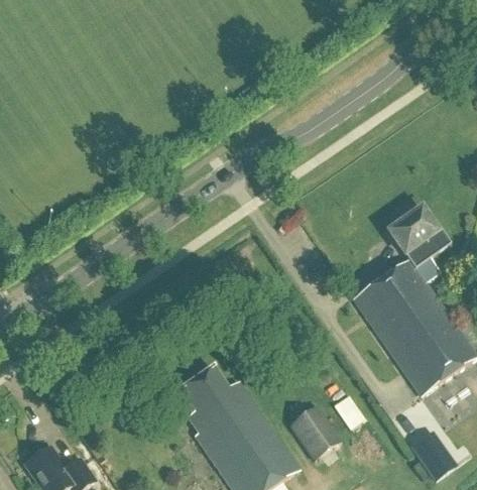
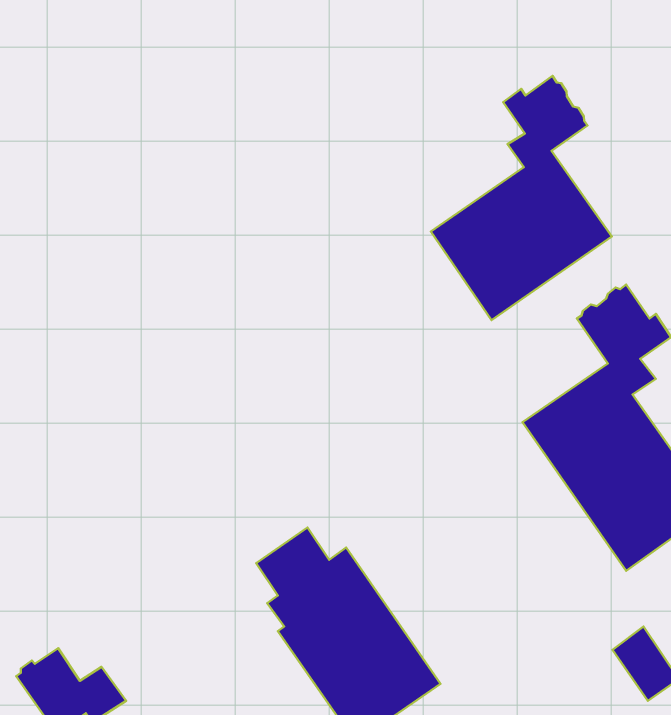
building: none -> [431,76,612,320]
building: [290,407,342,461] -> none

